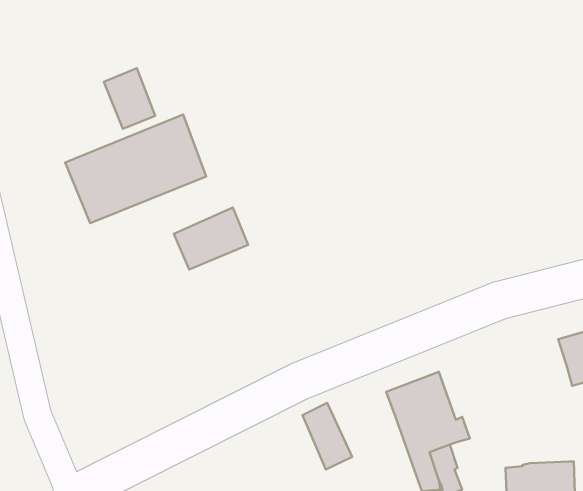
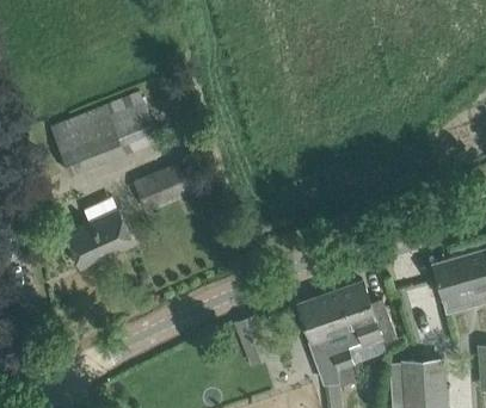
building: [104,68,155,129] -> none
building: none -> [66,211,133,267]
building: none -> [339,282,396,344]

